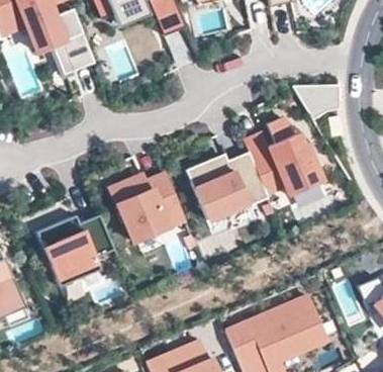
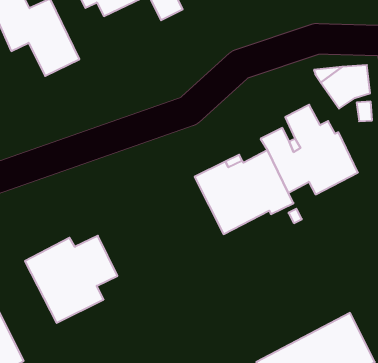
building: [110,173,184,242] -> none

